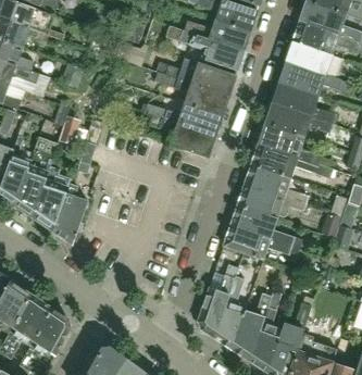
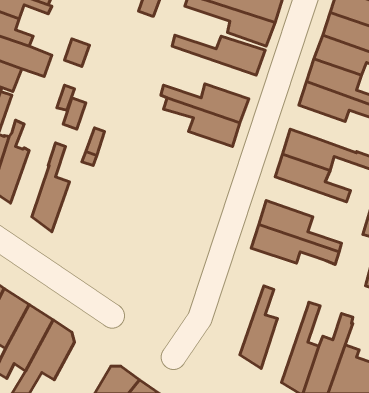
building: [154,71,227,115] -> none
building: [257,121,317,162] -> none
building: [14,151,48,217] -> none
building: [236,183,305,217] -> none
building: [50,184,87,245] -> none
building: [197,263,238,337] -> none
building: [232,291,272,361] -> none

